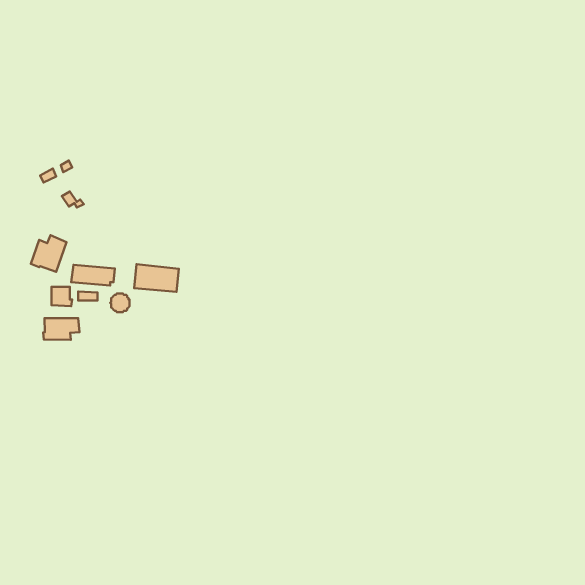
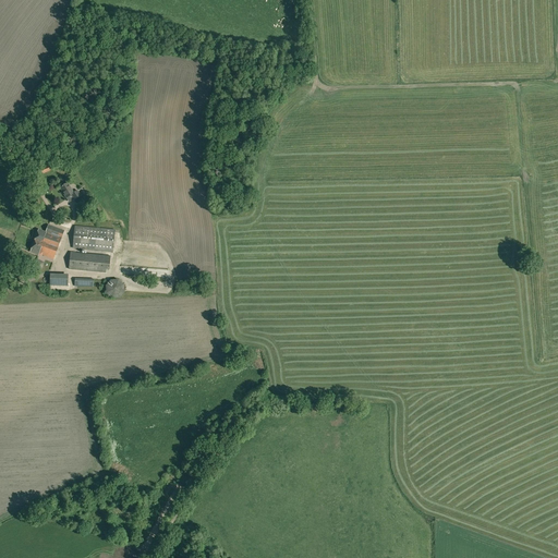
building: [134,264,179,292] -> [72,225,114,251]
building: [43,318,80,340] -> none

